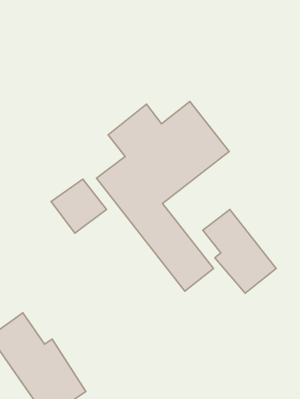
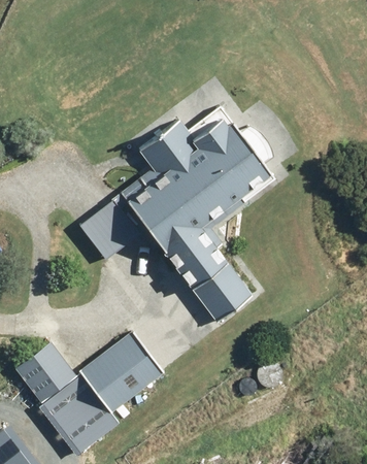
building: [203,209,276,293] -> none
building: none -> [80,333,161,410]

